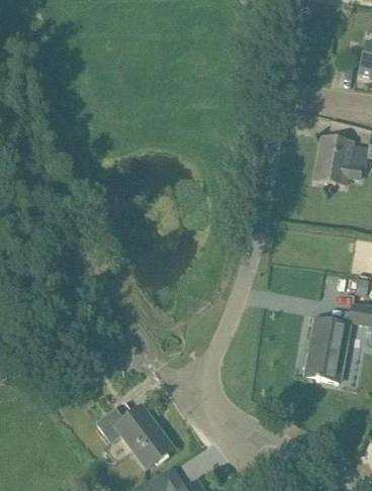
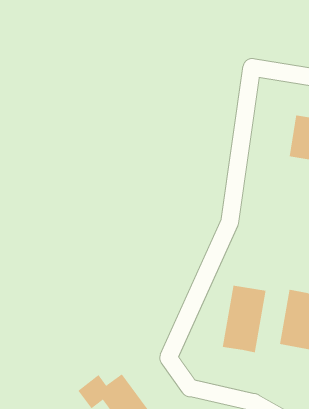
building: none -> [222,285,266,353]

